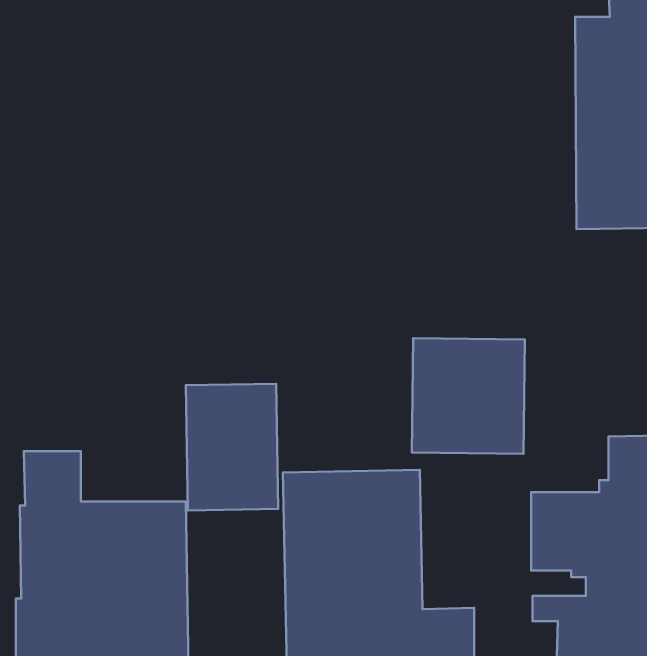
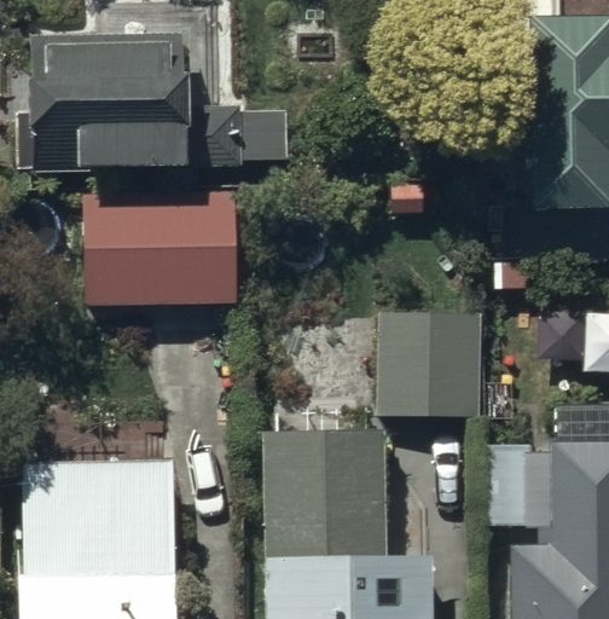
building: none -> [25,36,289,175]
building: none -> [83,193,239,307]
building: [186,384,278,510] -> none

